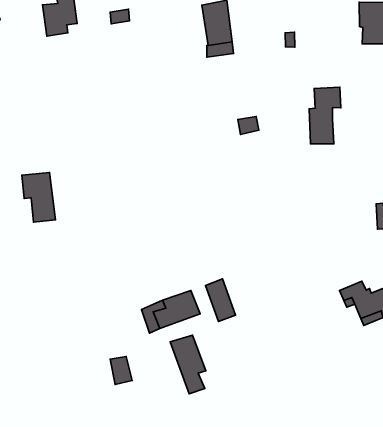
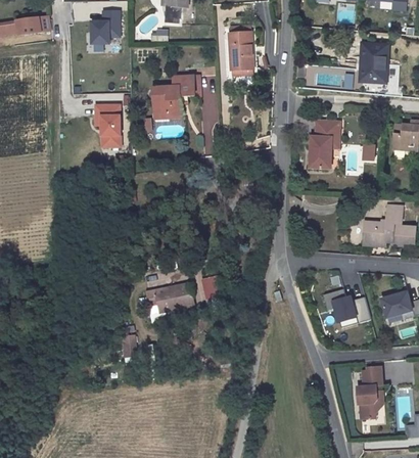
building: none -> [151,74,200,113]
building: [22,172,55,222] -> [94,103,120,145]
building: [170,335,206,394] -> none

